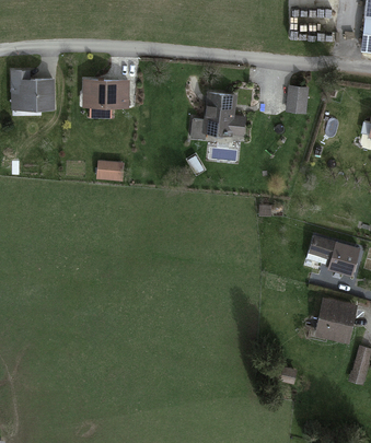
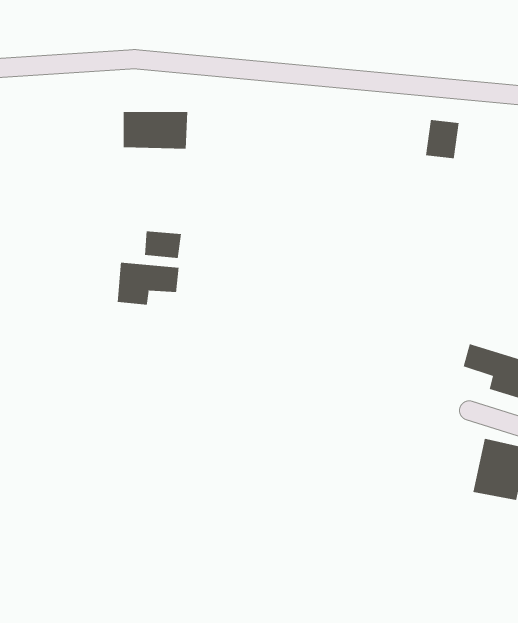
building: [11,80,54,108] -> none
building: [204,93,245,137] -> none
building: none -> [117,262,179,305]

